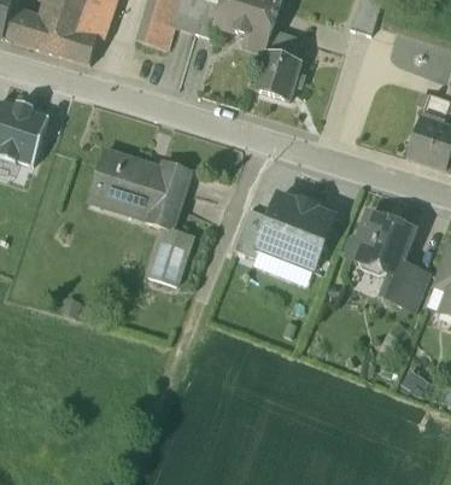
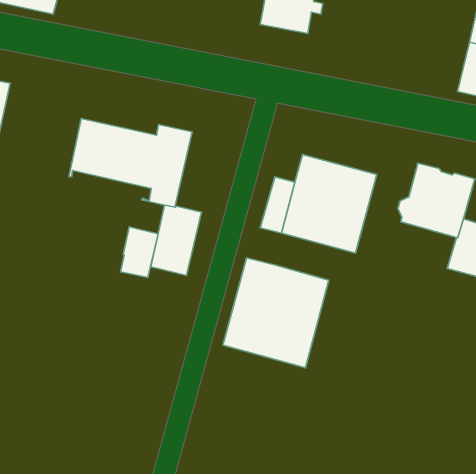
building: none -> [121,227,158,277]
building: none -> [223,258,329,368]

